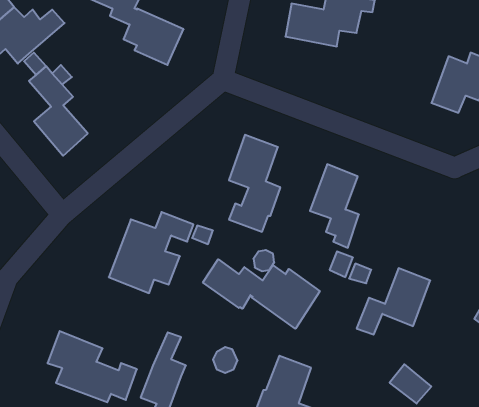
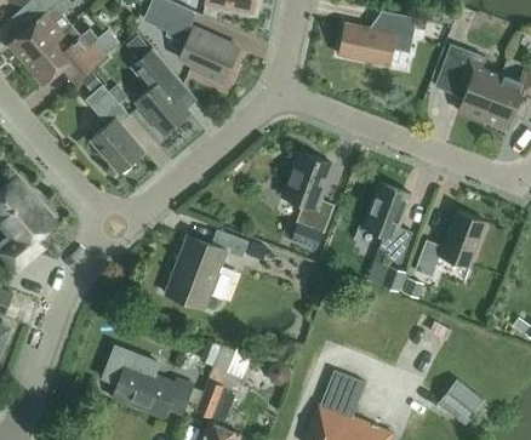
building: none -> [126,38,188,135]
building: none -> [434,45,499,121]
building: [203,259,320,329] -> none
building: [357,268,430,335] -> [413,211,486,276]

